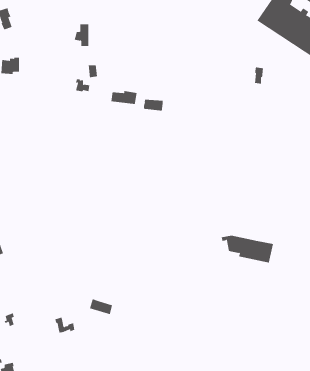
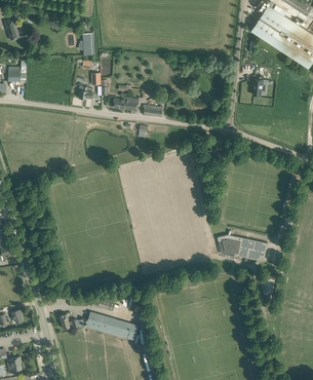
building: none -> [85,312,138,340]

